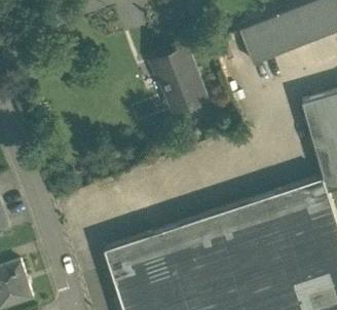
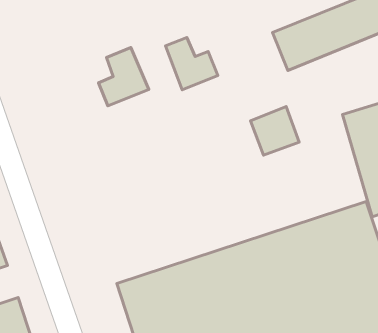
building: none -> [99,47,149,106]
building: [162,70,204,112] -> [250,107,299,155]

